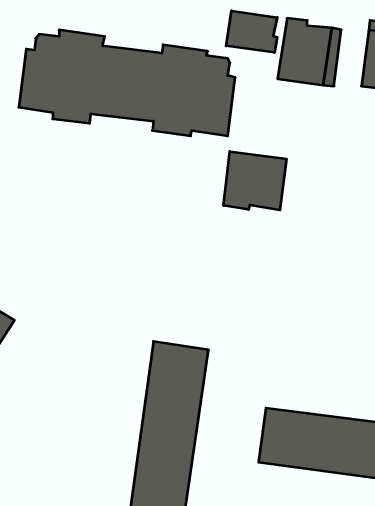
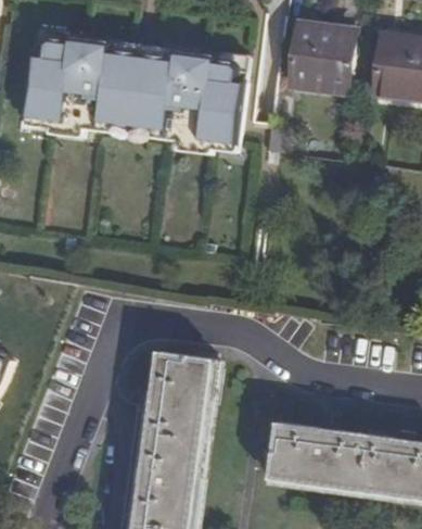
building: [226,11,277,53] -> none
building: [224,151,286,210] -> none

